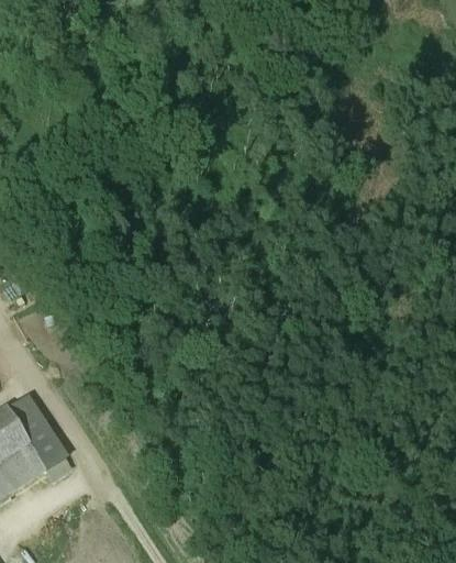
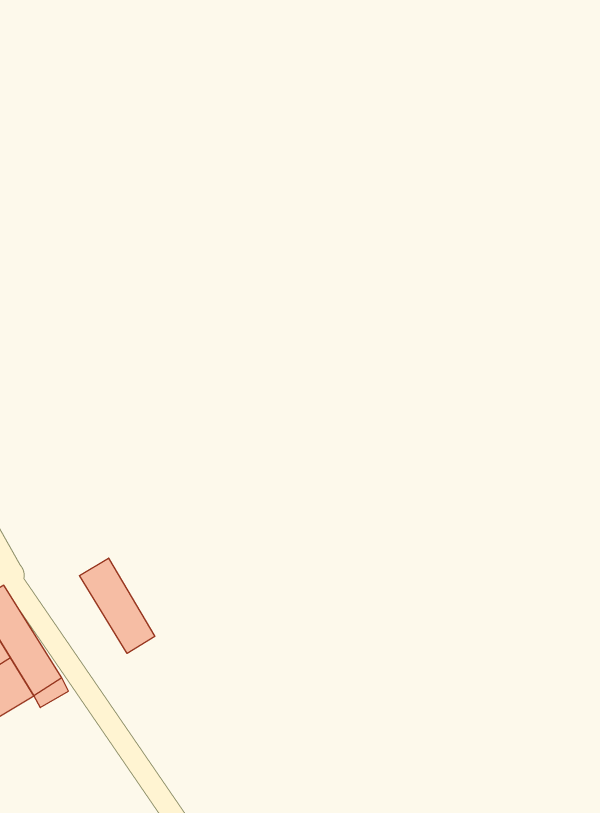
building: none -> [79,558,155,653]

